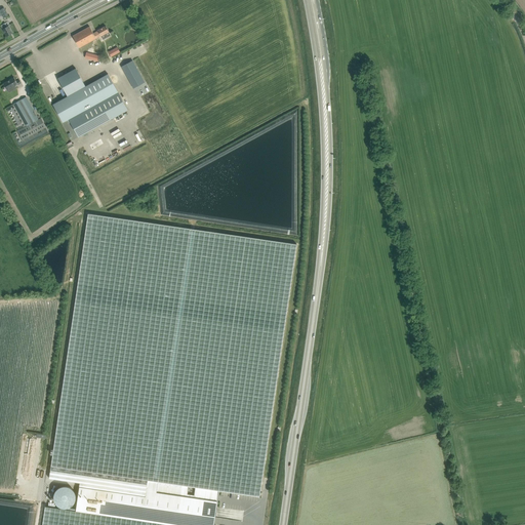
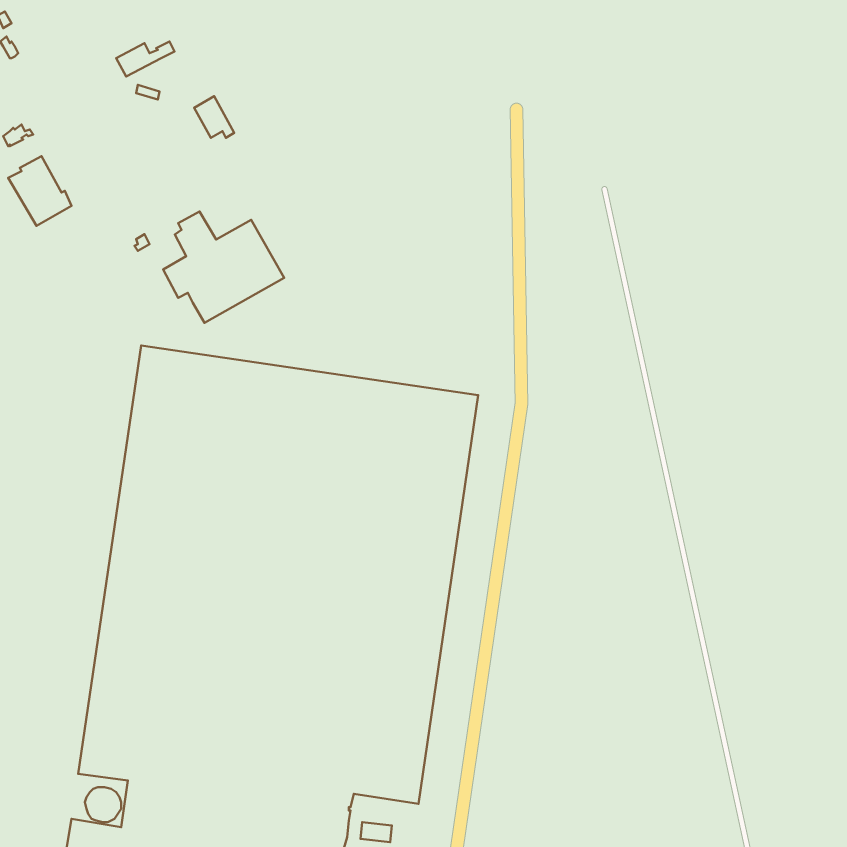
building: [52,70,127,138] -> [163,211,284,323]

